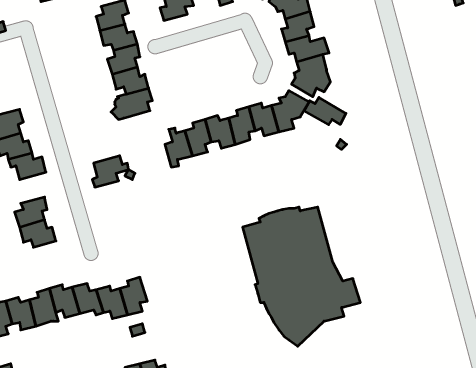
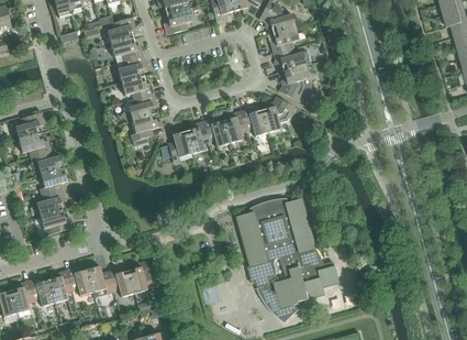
building: [304,97,346,125] -> none
building: [92,156,129,187] -> [130,113,162,141]
building: none -> [38,167,66,195]

